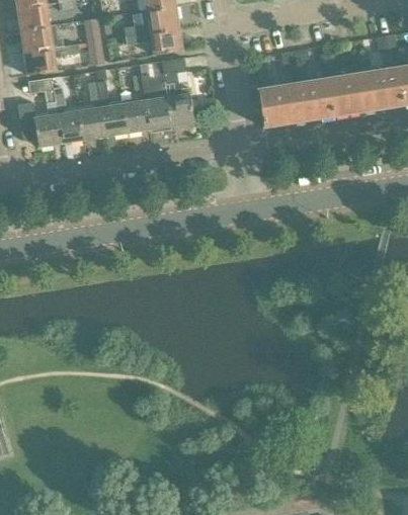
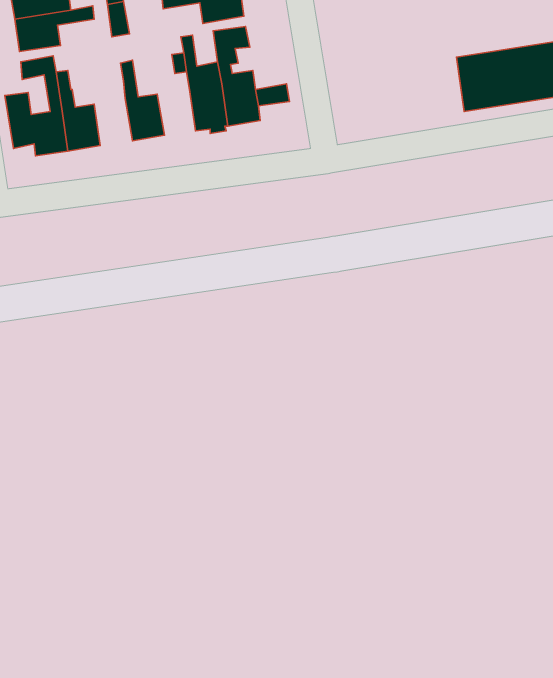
building: [258,78,334,126] -> none
building: [79,82,105,139] -> none
building: [123,94,149,132] -> none

